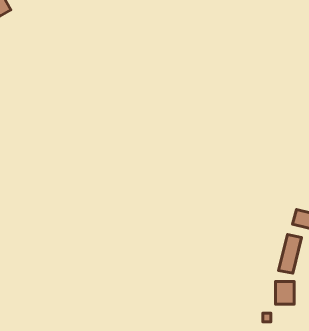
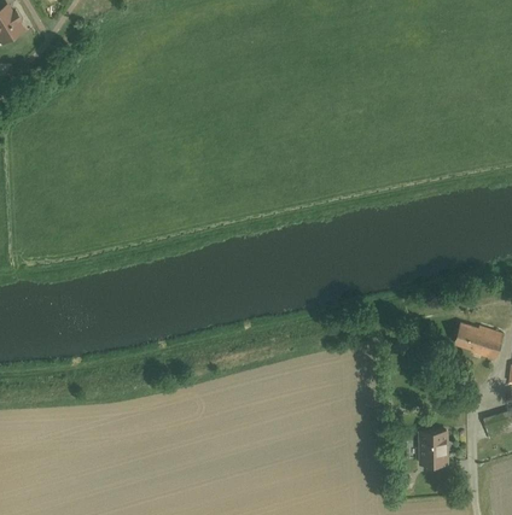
building: [279,235,302,273] -> none

